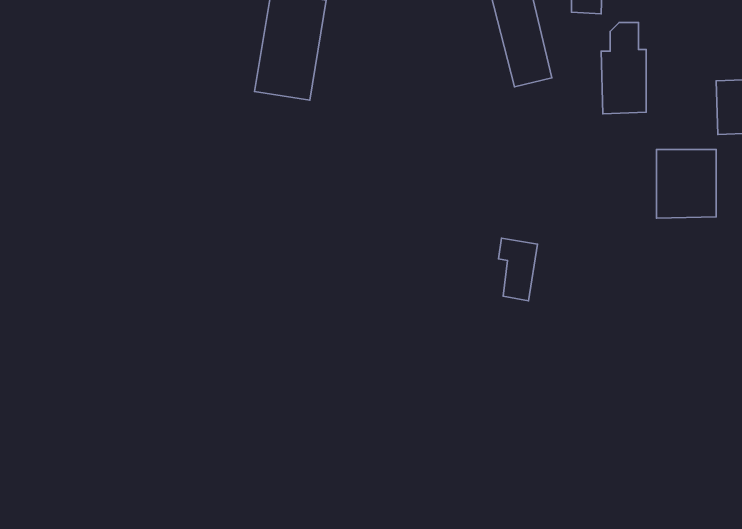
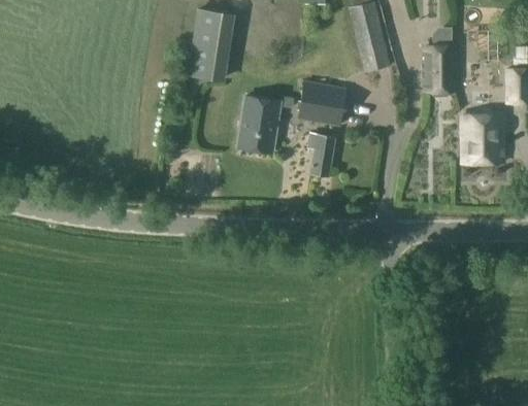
building: none -> [298,80,346,127]
building: none -> [238,97,280,154]
building: [499,238,537,301] -> [308,133,335,176]

